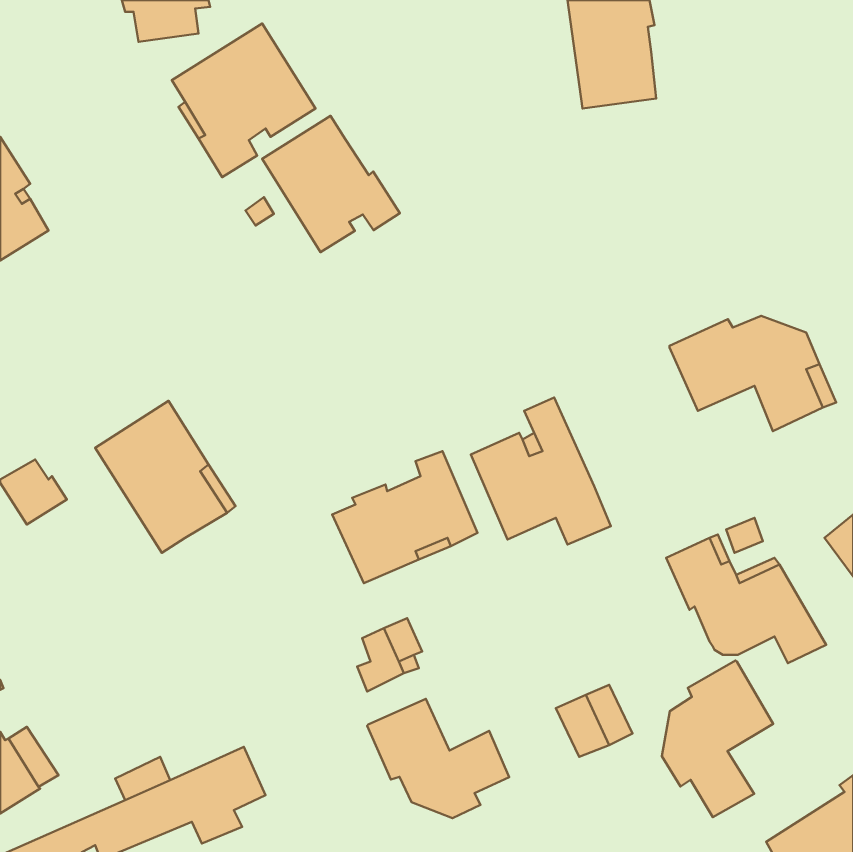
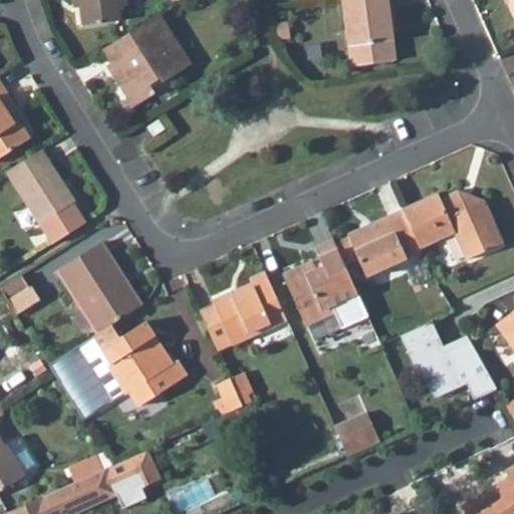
building: [262,116,400,252] -> none
building: none -> [6,150,86,245]
building: none -> [347,210,421,276]
building: none -> [48,322,187,420]
building: [662,661,773,817] -> none
building: [367,699,509,818] -> none

